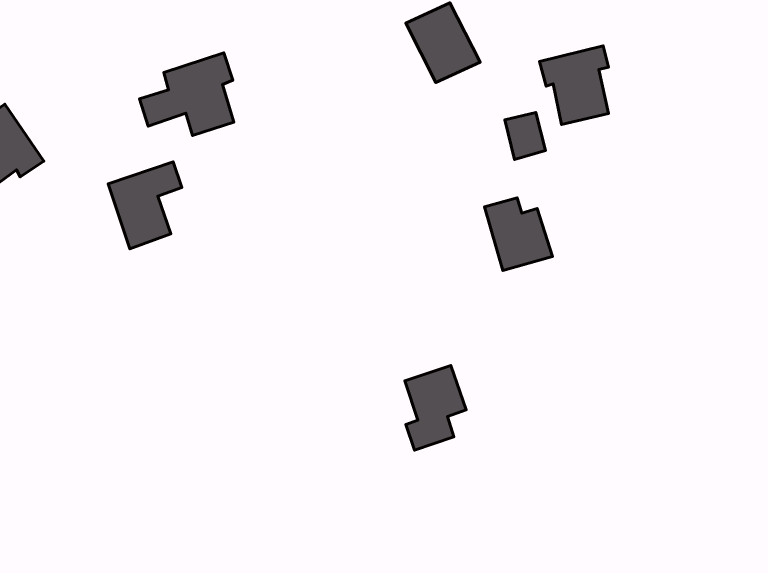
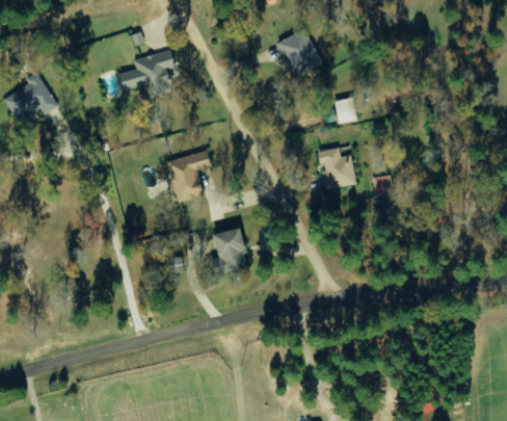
building: [540,46,608,124] -> none
building: [108,162,182,249] -> [167,151,211,201]
building: [405,365,466,450] -> [210,227,246,275]

